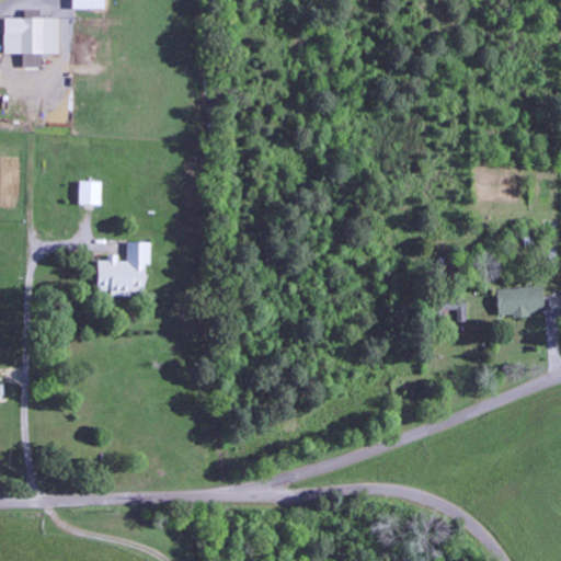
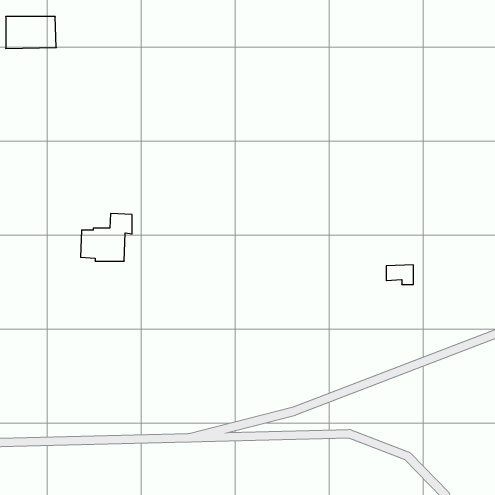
building: [77,181,101,205] -> none
building: [494,286,542,317] -> none

